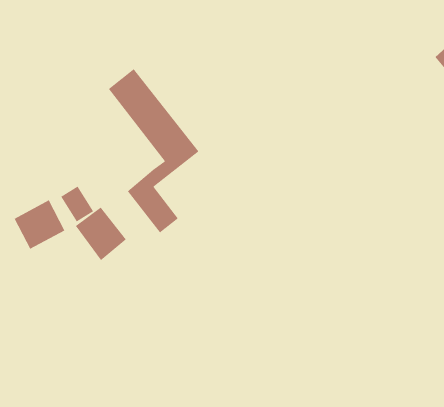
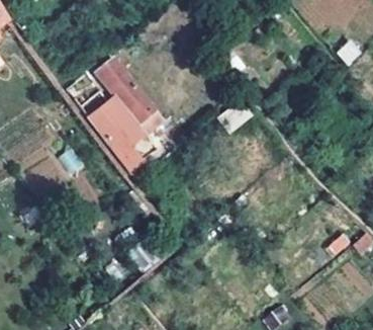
building: [75,207,127,261] -> [90,106,128,147]

